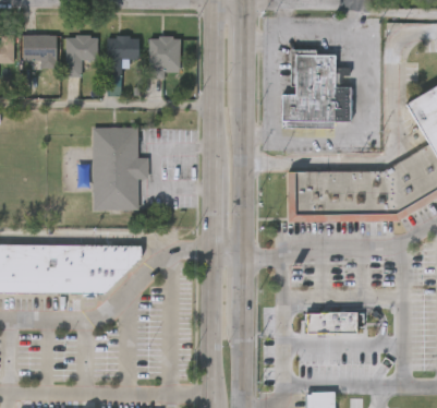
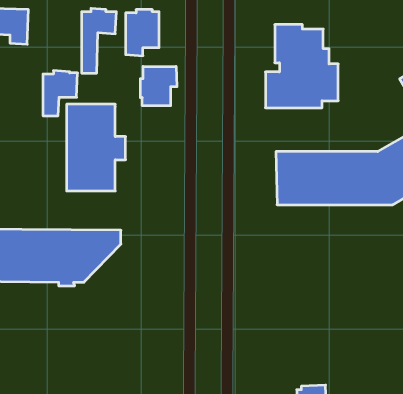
building: [64,35,97,77] -> [43,71,78,116]
building: none -> [140,66,177,106]
building: [307,312,357,334] -> none

